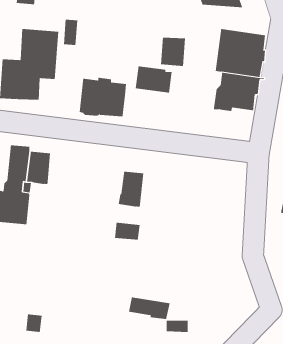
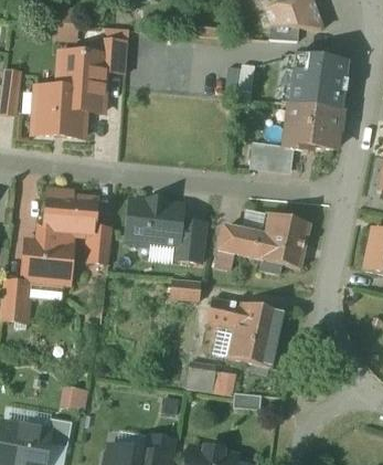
building: [135,66,173,93] -> [249,140,294,172]
building: [79,77,127,118] -> [126,198,182,245]
building: none -> [219,213,310,273]
building: none -> [86,226,111,262]
building: none -> [206,296,284,367]

